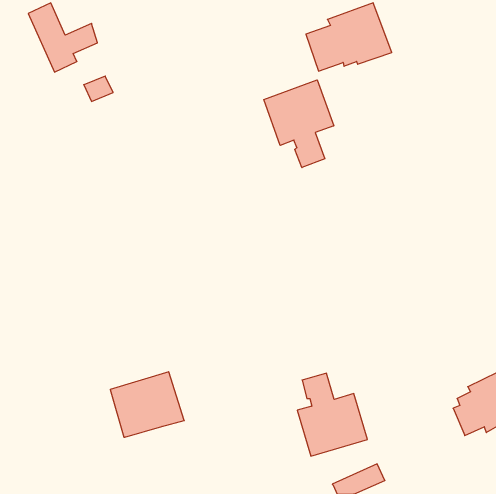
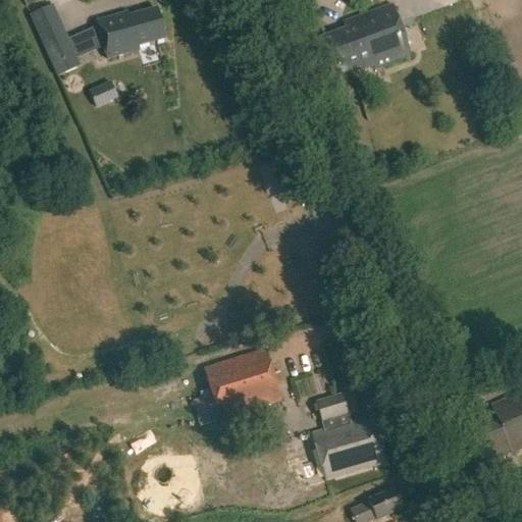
building: none -> [97,5,165,56]
building: [264,80,334,168] -> none
building: [110,372,184,437] -> [205,348,282,416]

